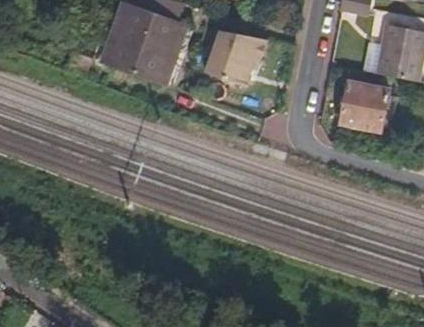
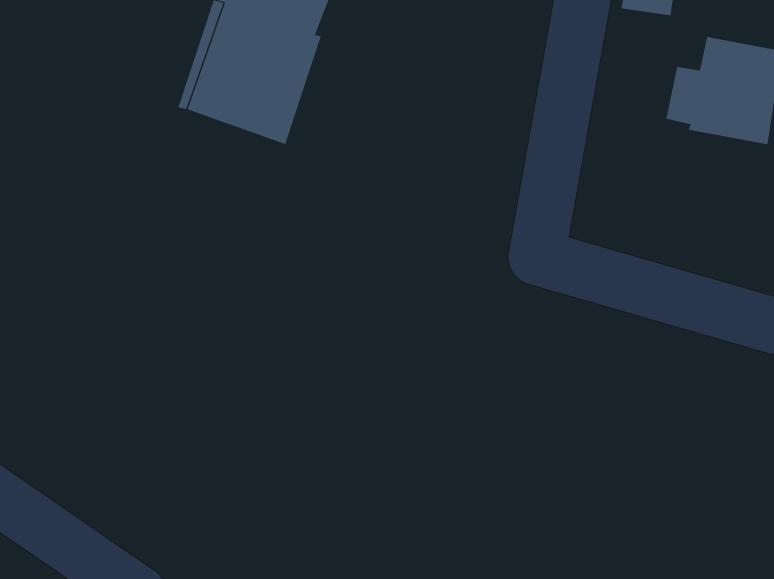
building: [207,27,269,87] -> none
building: [340,82,388,132] -> none

